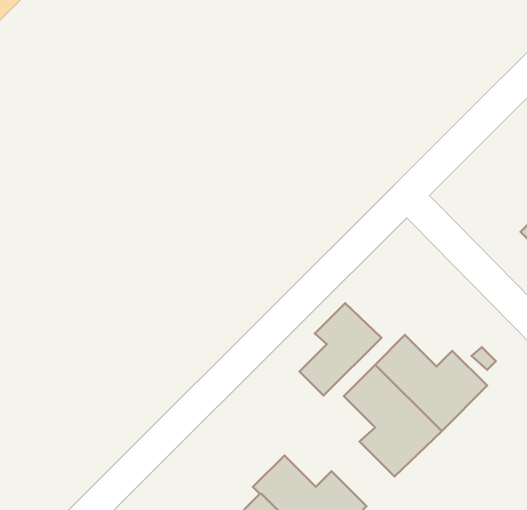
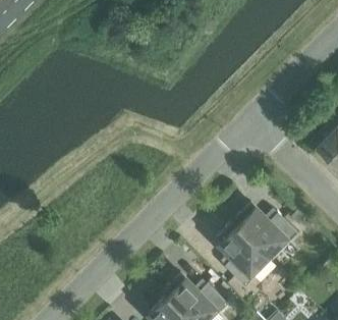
building: [300,303,381,395] -> none

